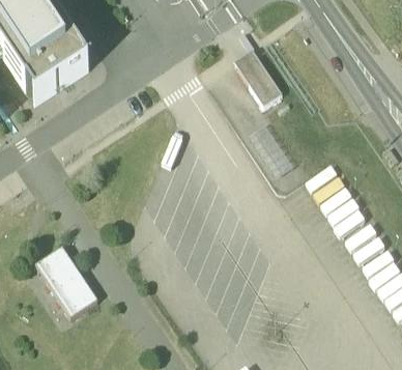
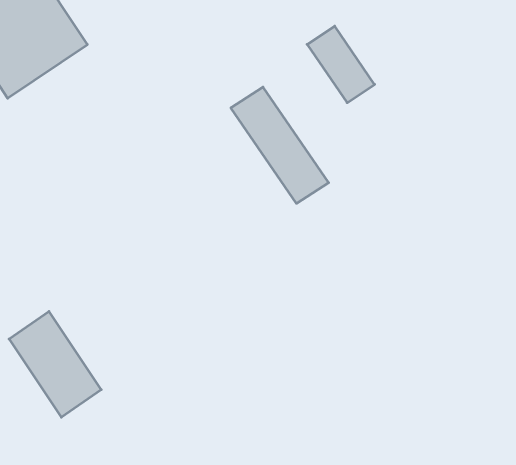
building: none -> [231,87,329,203]

